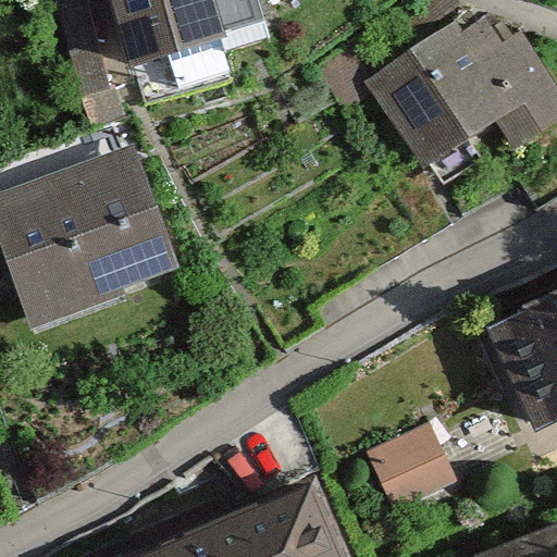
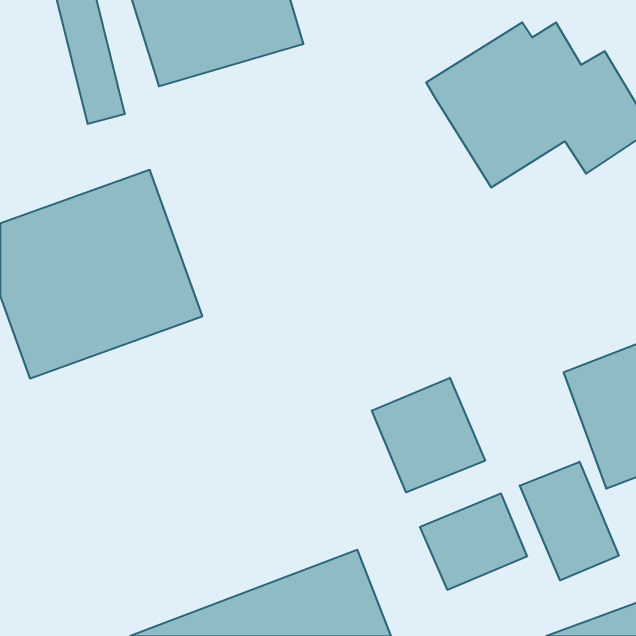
building: none -> [372,378,485,492]
building: none -> [520,462,619,580]

